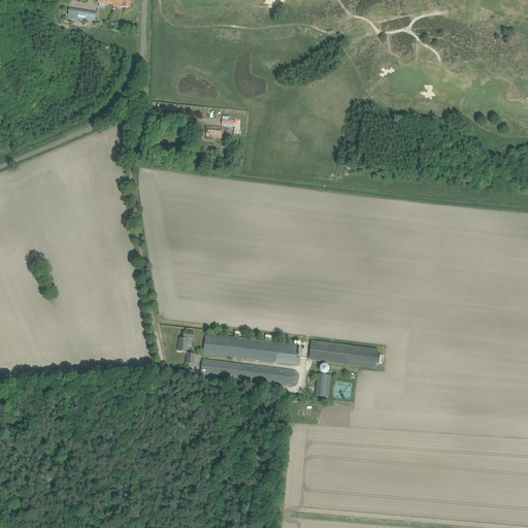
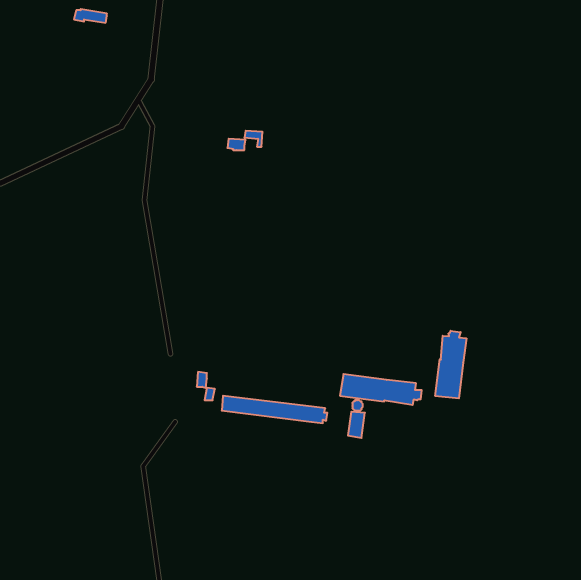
building: none -> [435,331,466,398]
building: [203,332,300,364] -> none

